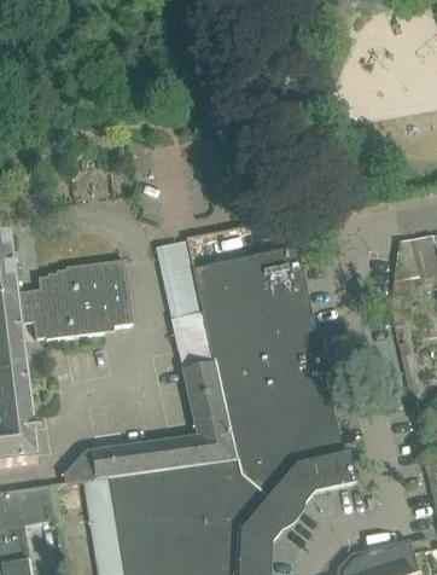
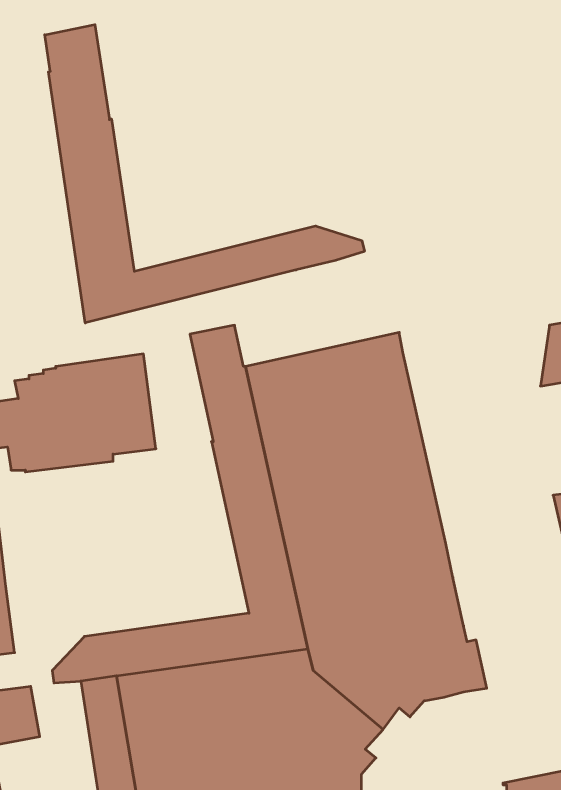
building: none -> [45,25,364,323]

